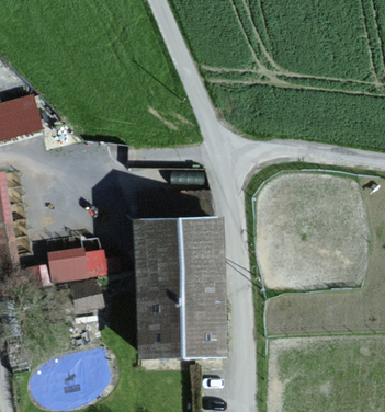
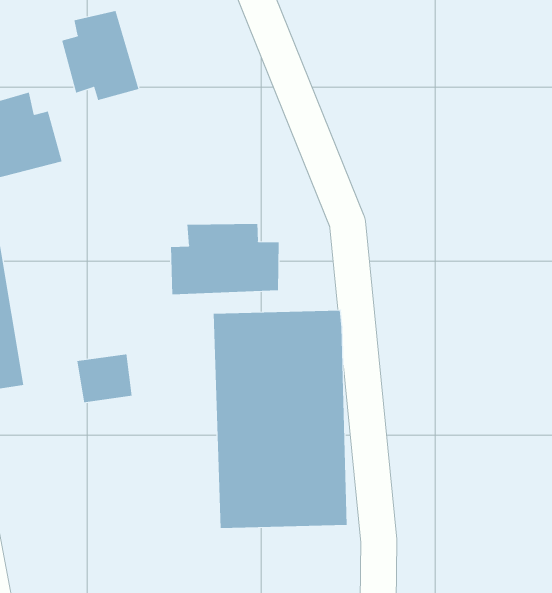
building: none -> [62,10,139,101]
building: none -> [170,223,279,295]

